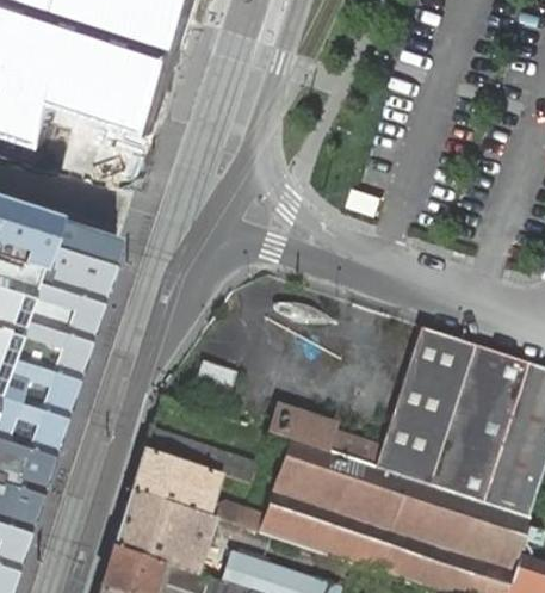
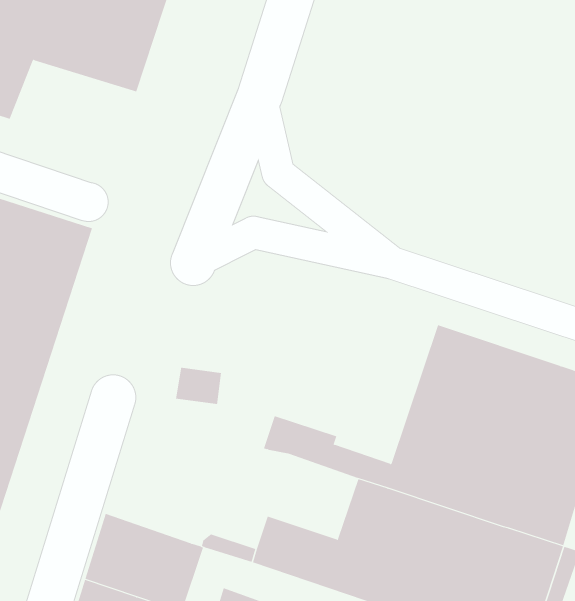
building: [131,430,255,514] -> none
building: [272,437,351,511] -> none

